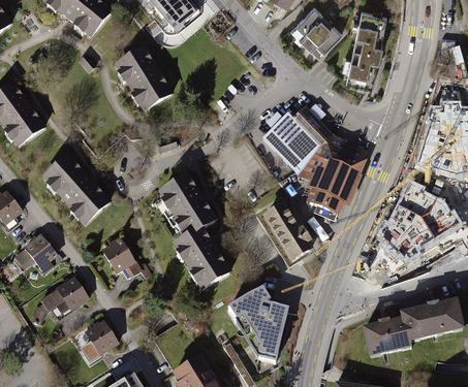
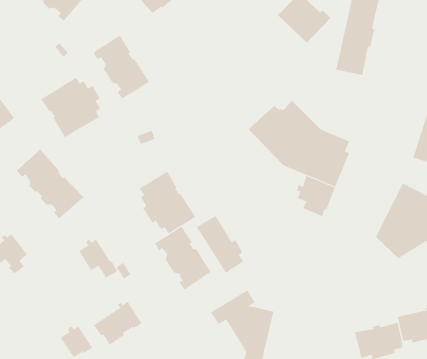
building: none -> [41,77,101,138]
building: [264,204,310,259] -> [196,215,244,273]
building: [41,277,88,318] -> [93,301,142,345]

